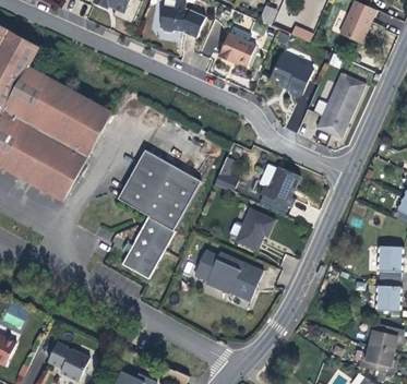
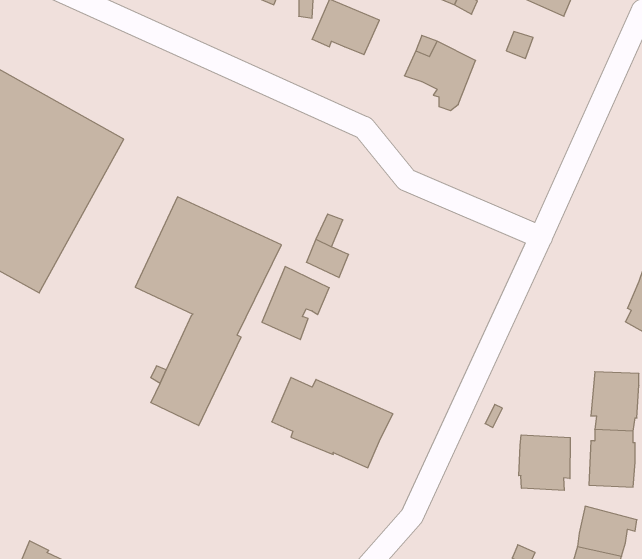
building: [315,72,366,139] -> none
building: [260,166,300,206] -> none
building: [236,207,274,249] -> [262,267,329,340]
building: none -> [519,435,570,490]

